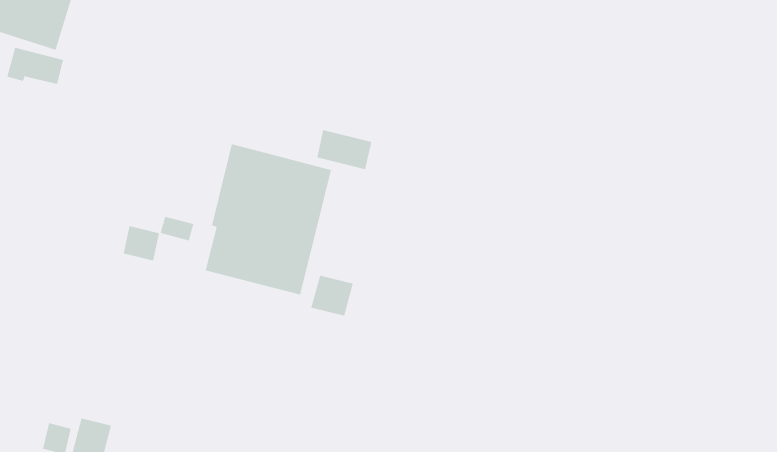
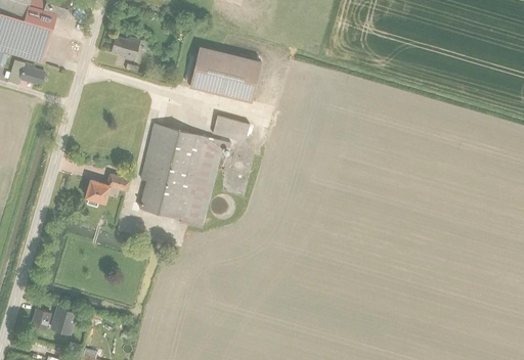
building: none -> [111,36,139,58]
building: none -> [188,46,261,100]
building: [311,275,353,317] -> none

